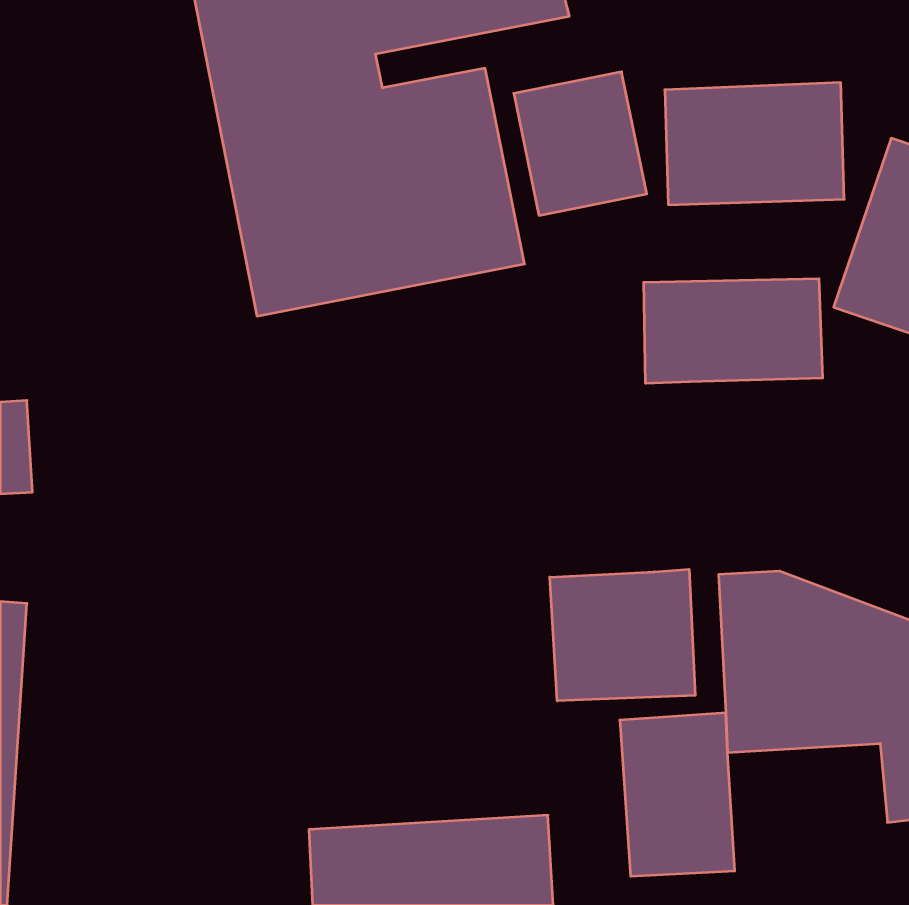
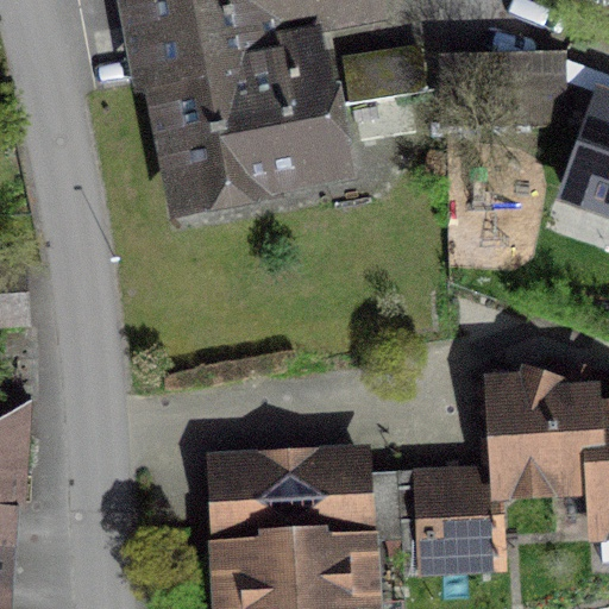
building: [644,279,823,383] -> none
building: [550,569,695,701] -> none
building: none -> [207,453,369,550]

